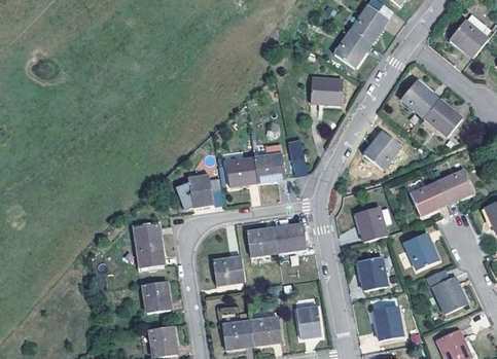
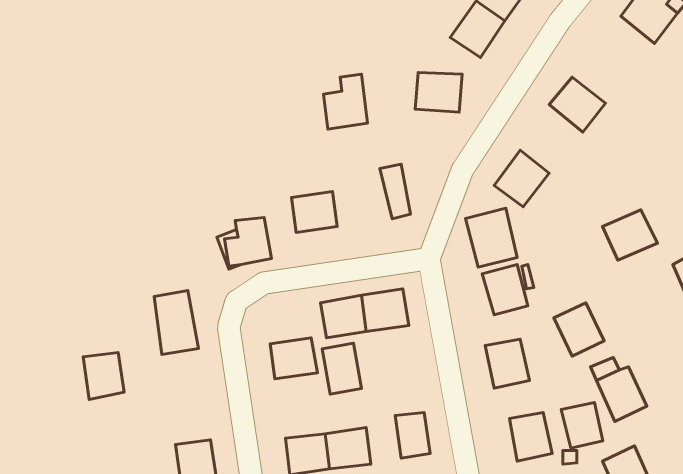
building: [423,98,461,136] -> none
building: [254,144,284,181] -> [323,74,368,129]
building: none -> [465,208,517,267]
building: [410,181,447,215] -> none
building: none -> [322,343,361,394]
building: [142,281,170,313] -> [83,352,124,400]
building: none -> [561,403,603,448]

